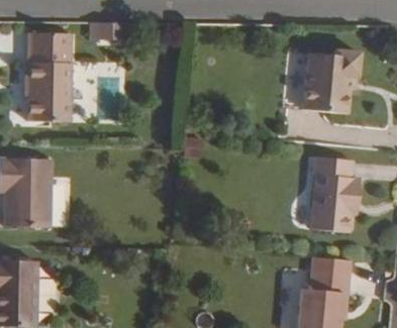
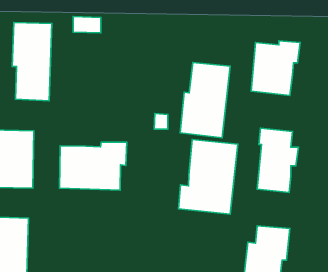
building: none -> [180,62,230,138]
building: none -> [179,140,238,214]
building: none -> [59,142,127,190]

